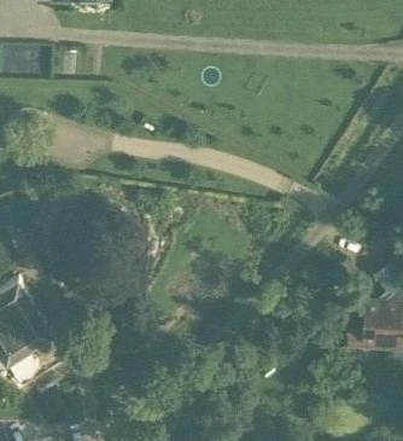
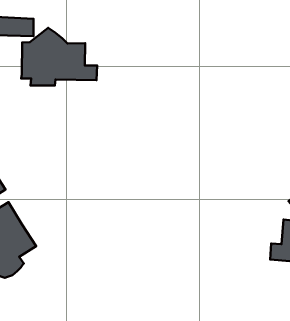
building: none -> [21,28,97,86]

